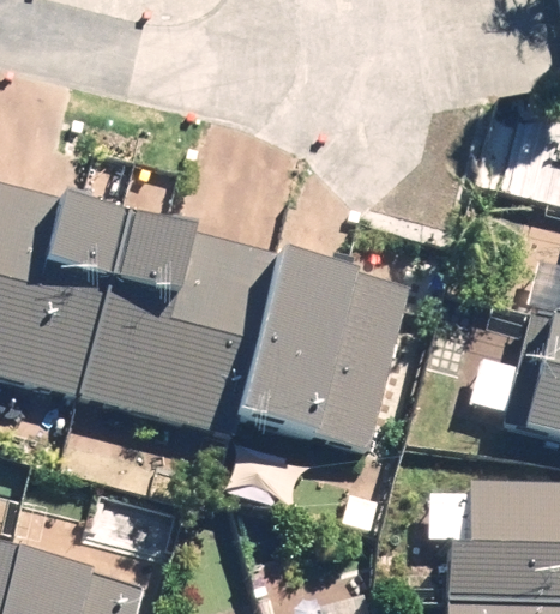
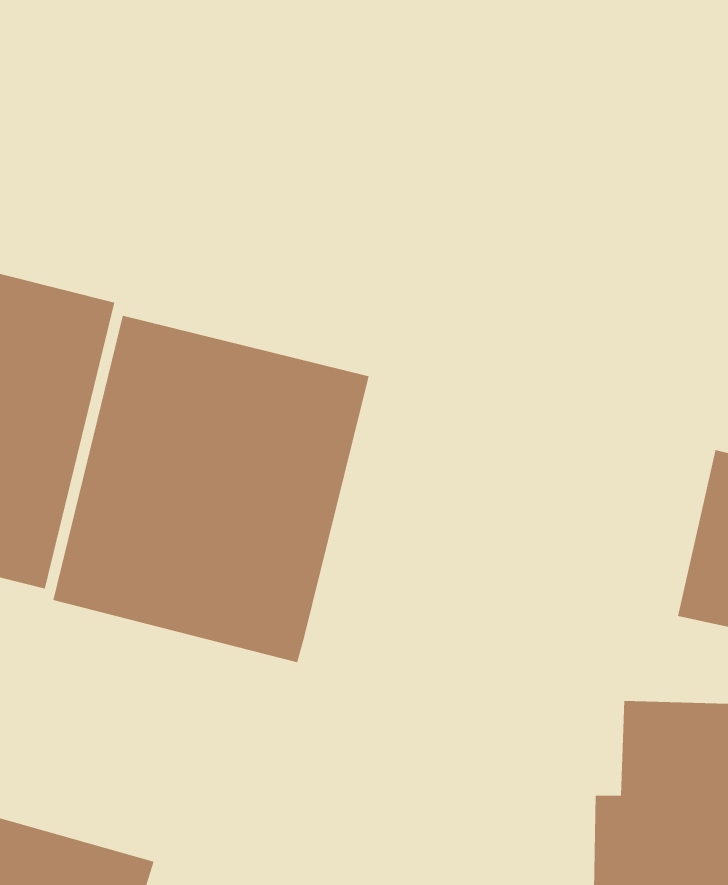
building: [263,259,427,465] -> none

